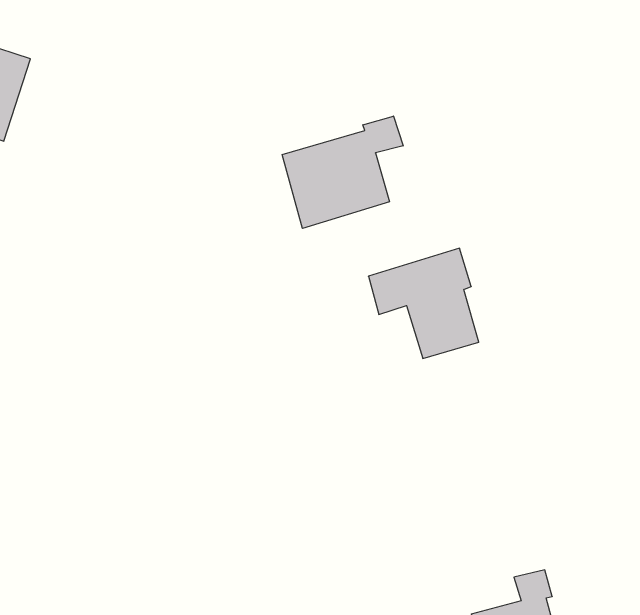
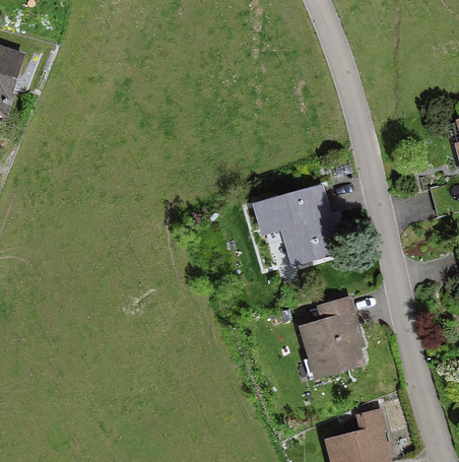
building: [282,116,403,228] -> none
building: none -> [300,296,362,378]

